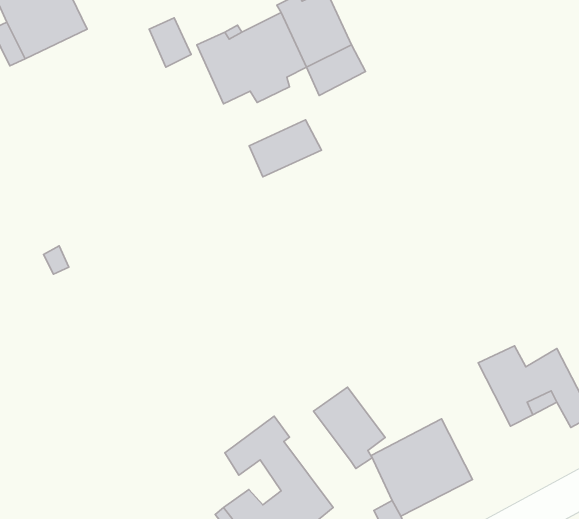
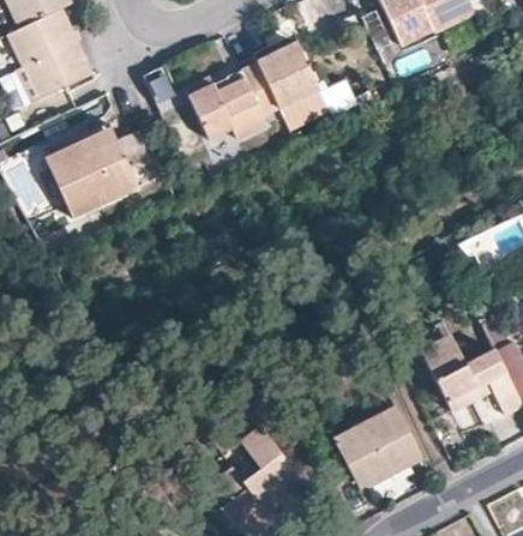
building: none -> [43,122,139,219]
building: [249,120,321,177] -> none
building: [314,387,385,469] -> none

